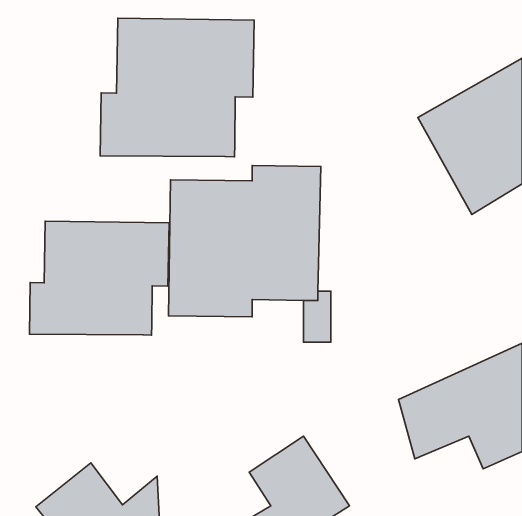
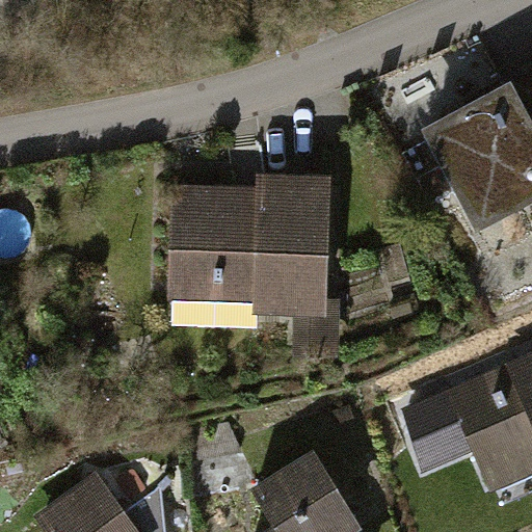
building: [100,18,254,157] -> none
building: [29,221,169,335] -> none

